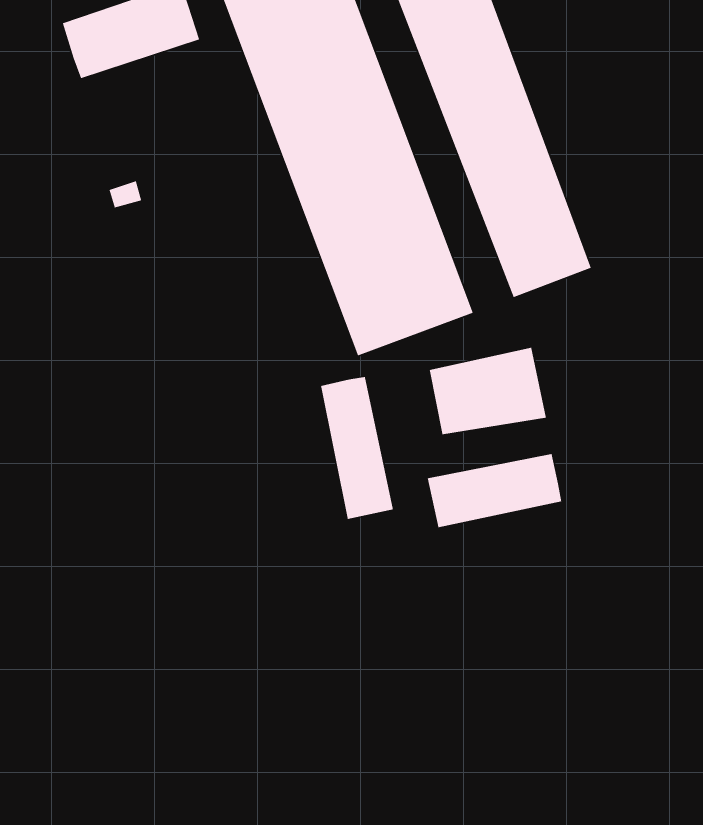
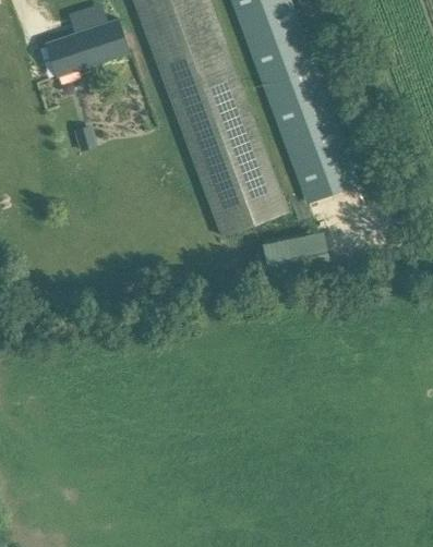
building: [320,376,394,520] -> none
building: [427,453,562,528] -> none

